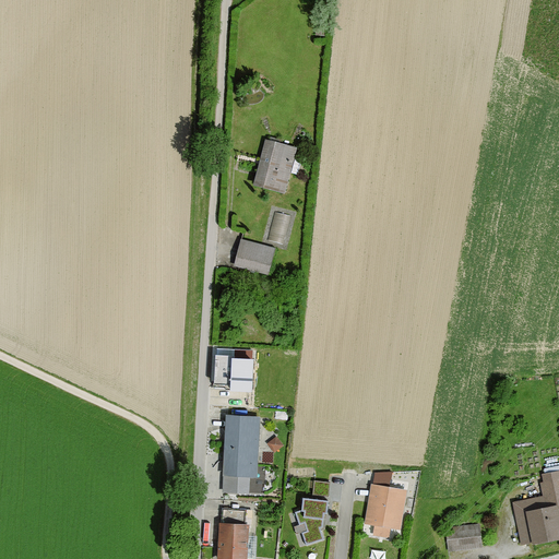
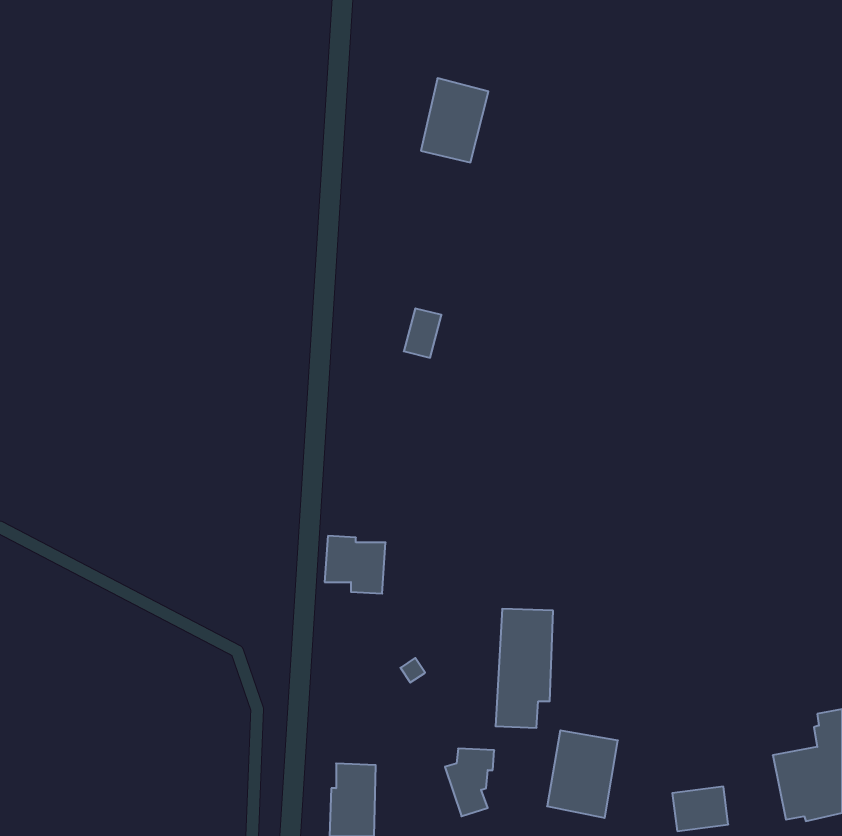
building: [252,138,297,193] -> [421,78,488,162]
building: [231,237,275,276] -> none
building: [222,415,260,493] -> [495,609,553,728]

